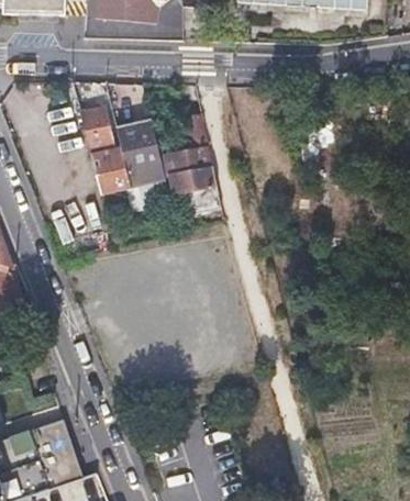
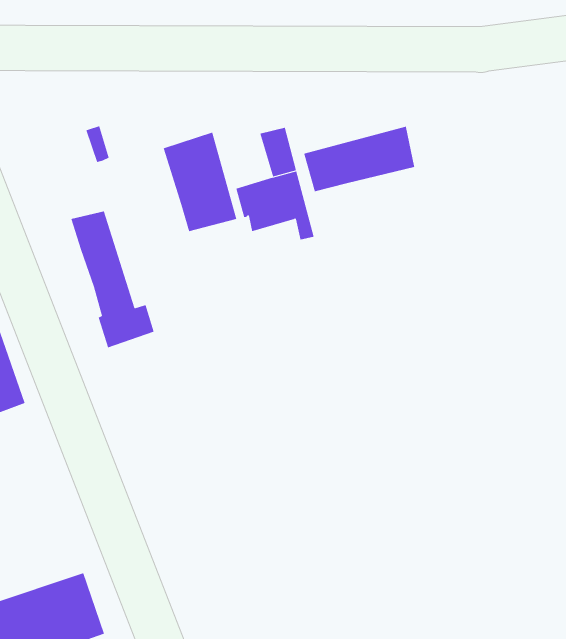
building: [77,100,134,193] -> [70,211,154,348]
building: none -> [303,126,415,192]

